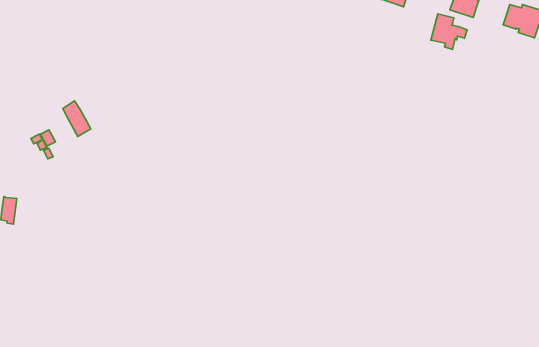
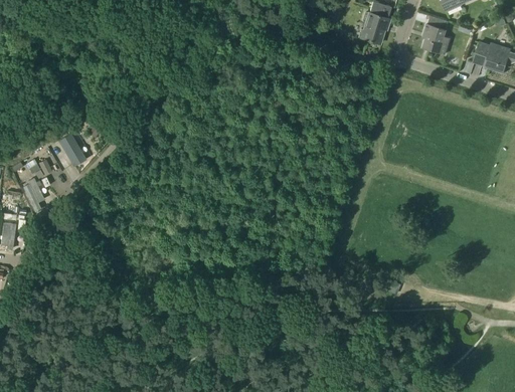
building: [431,14,467,49] -> none
building: none -> [23,178,44,211]

